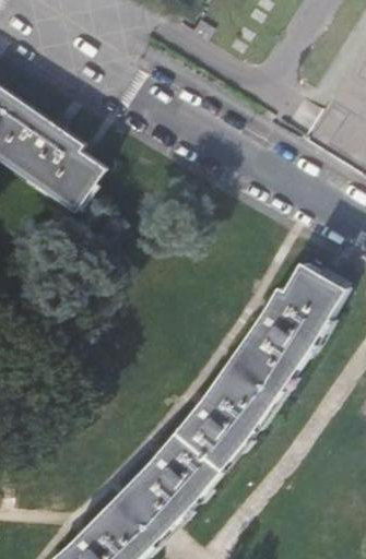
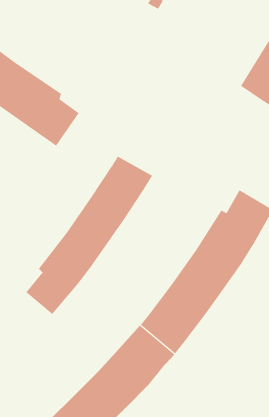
building: none -> [25,156,153,315]

